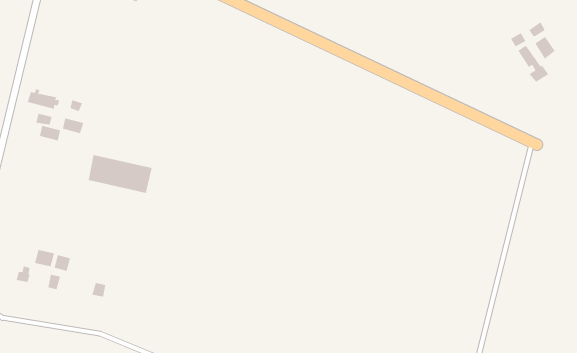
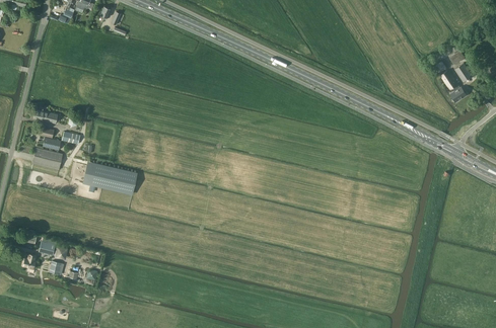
building: none -> [32,147,62,169]

